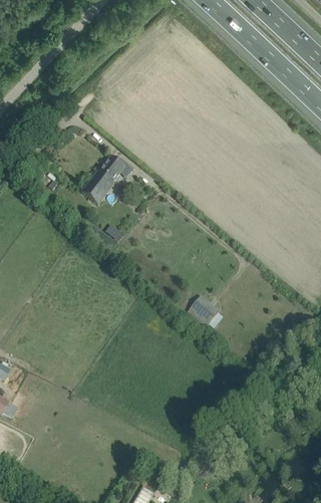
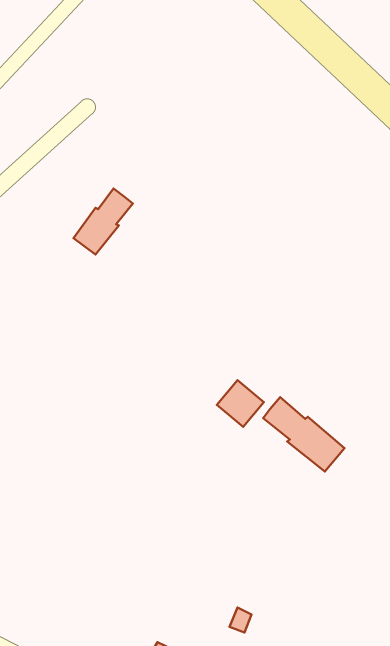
building: none -> [263,397,344,471]

